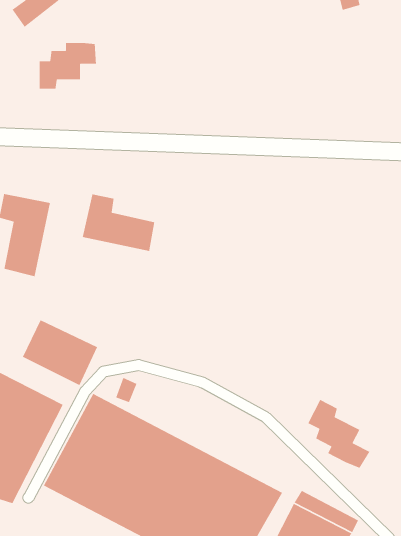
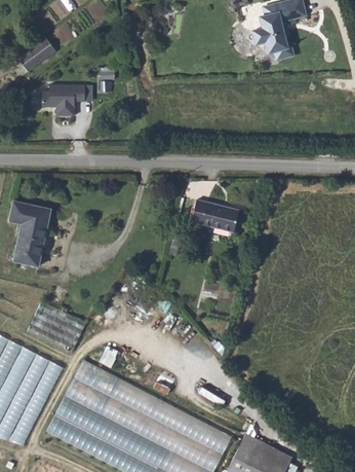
building: none -> [191,199,239,232]
building: [82,193,155,252] -> none
building: [307,399,370,469] -> none

